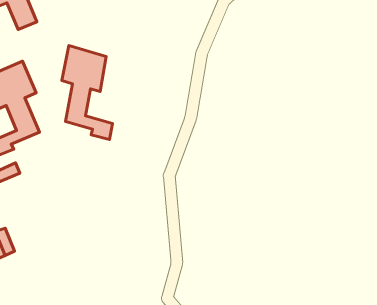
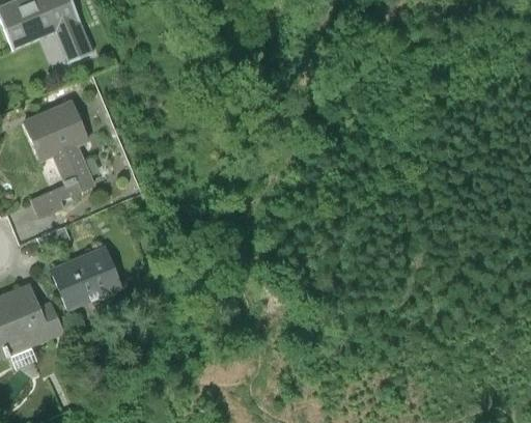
building: [62,45,112,140] -> none
building: none -> [52,247,121,308]

